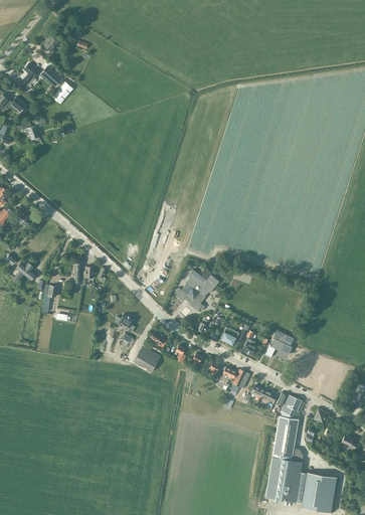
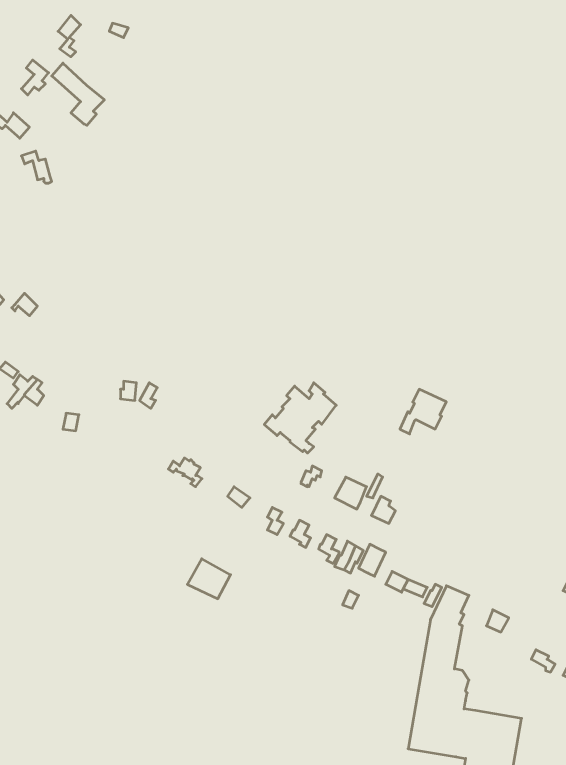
building: [264,330,294,358] -> [400,389,446,434]
building: [133,345,160,370] -> [187,559,231,599]

